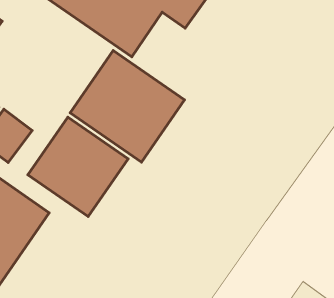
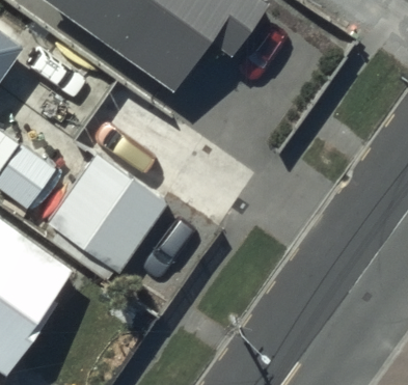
building: [70,51,185,162] -> none

